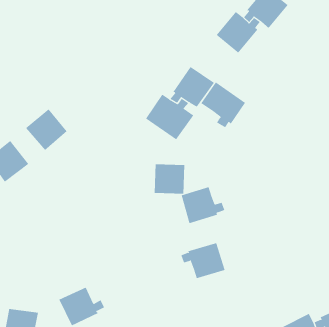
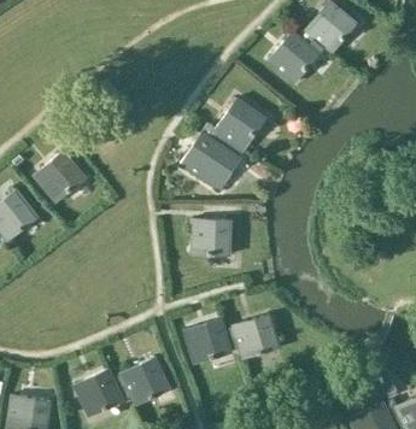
building: [201,82,246,128] -> none
building: [181,186,225,224] -> [184,318,239,364]
building: none -> [112,357,169,406]

